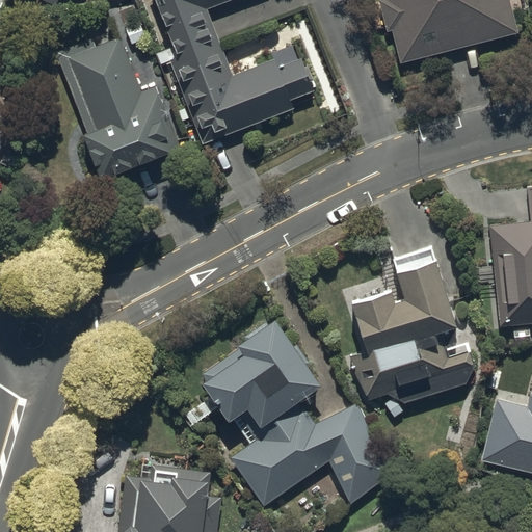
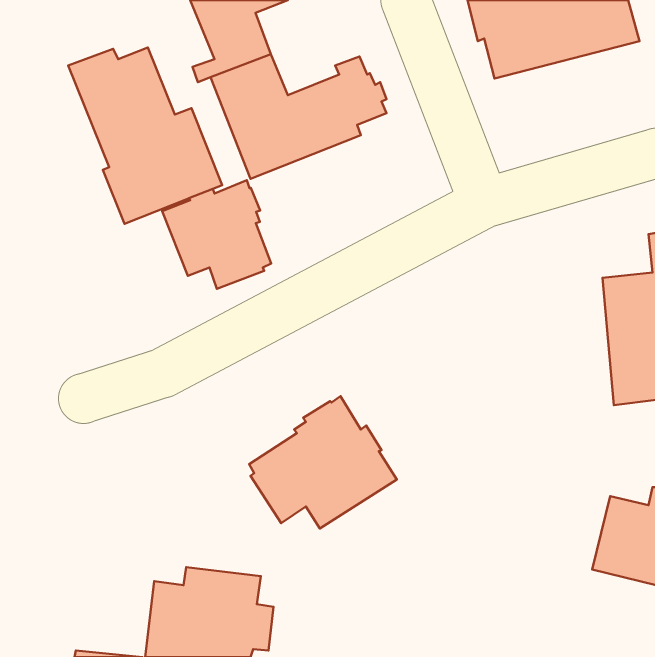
building: none -> [162,180,271,289]
building: [346,246,475,417] -> none
building: [232,404,391,508] -> none

